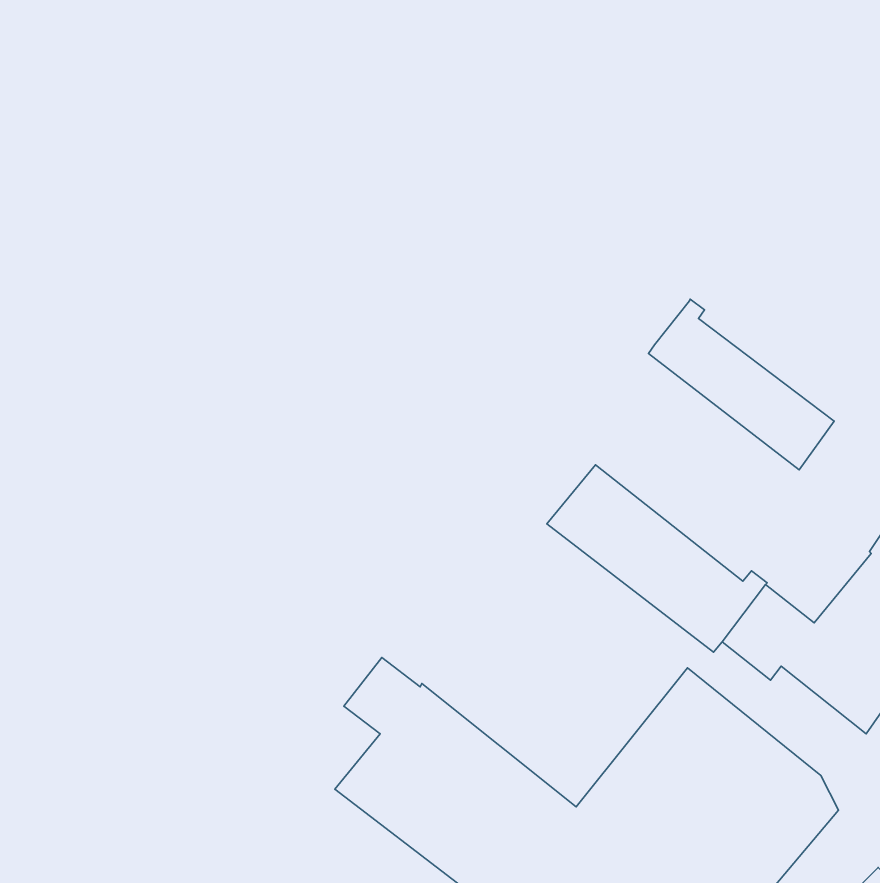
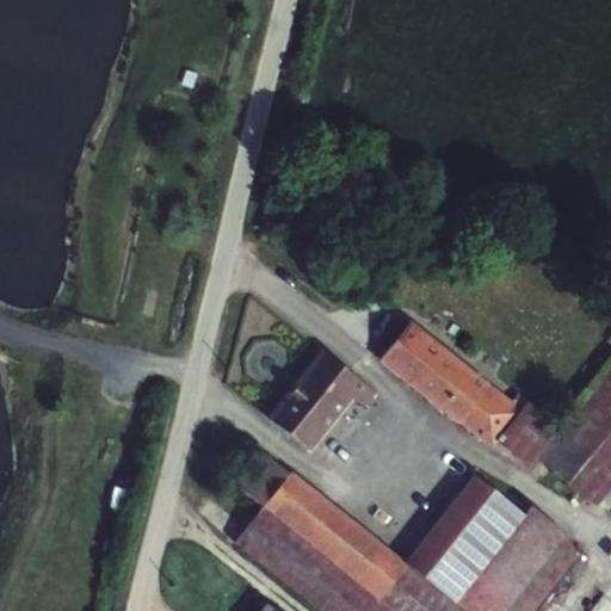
building: [648,299,834,470] -> none
building: none -> [271,351,379,453]

